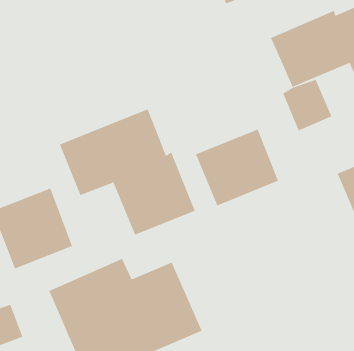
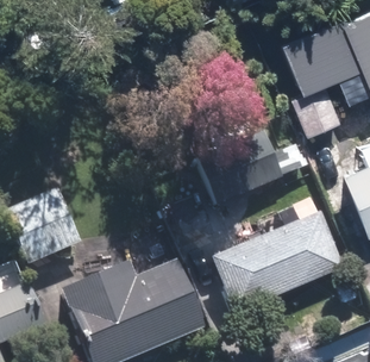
building: [59,108,196,236] -> none
building: none -> [211,205,339,317]

